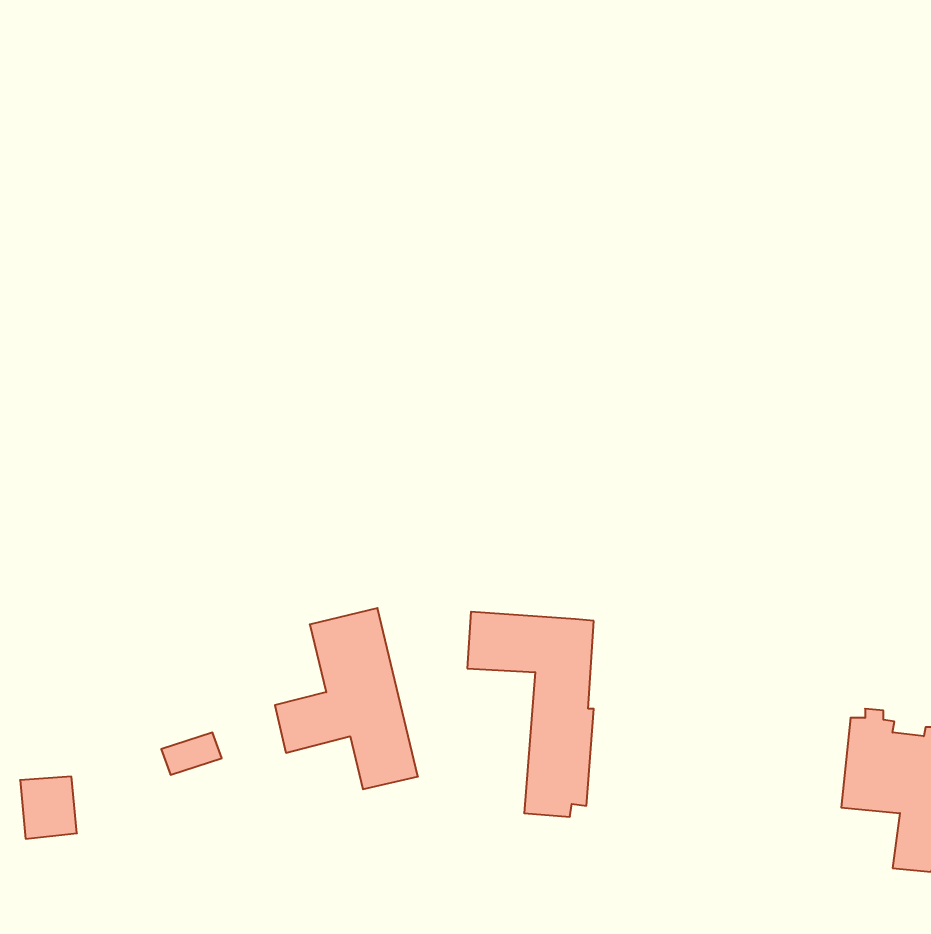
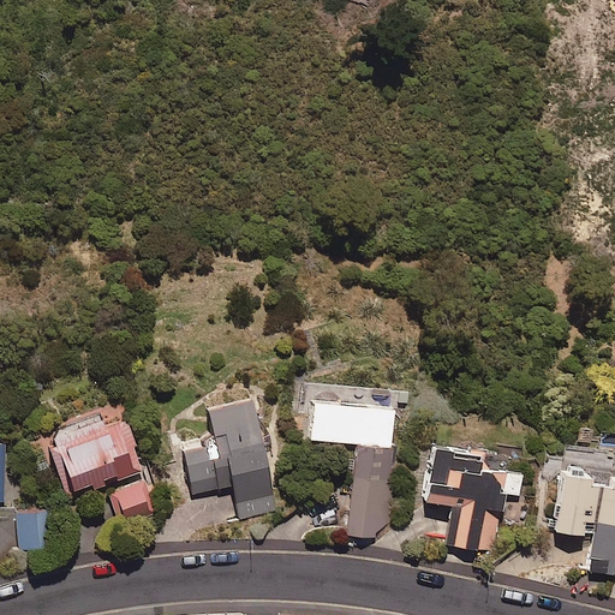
building: none -> [47,412,142,496]
building: none -> [424,447,523,550]

